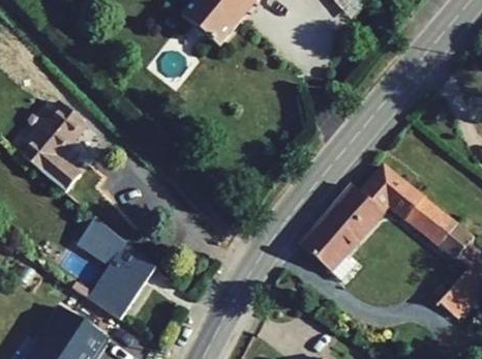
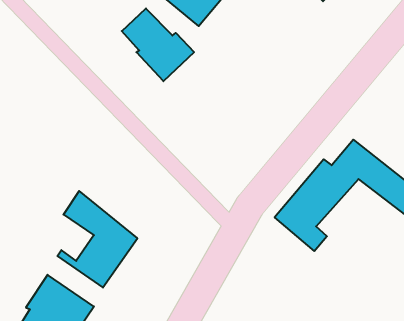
building: none -> [122,8,194,81]
building: [18,101,87,191] -> none

